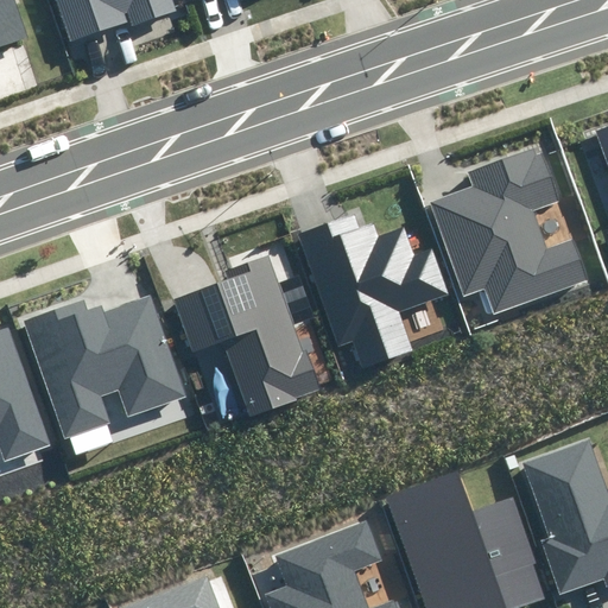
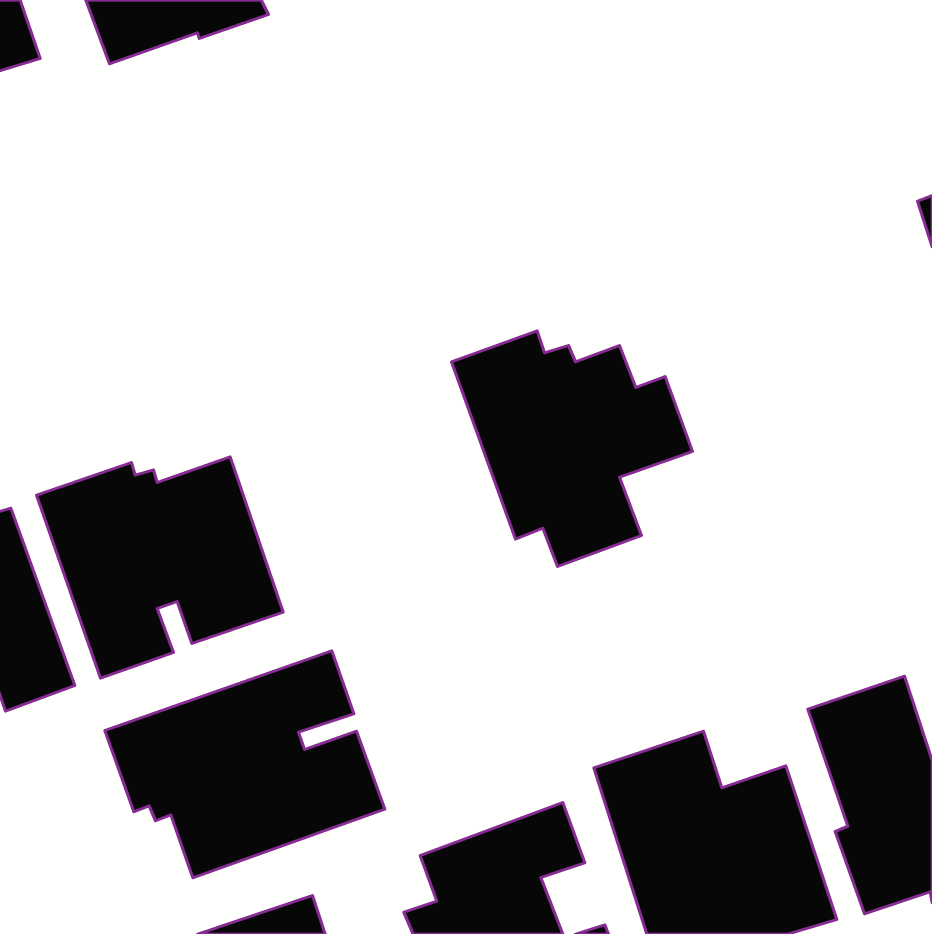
building: [430,147,585,311] -> none
building: [171,255,318,414] -> none
building: none -> [105,651,385,878]

